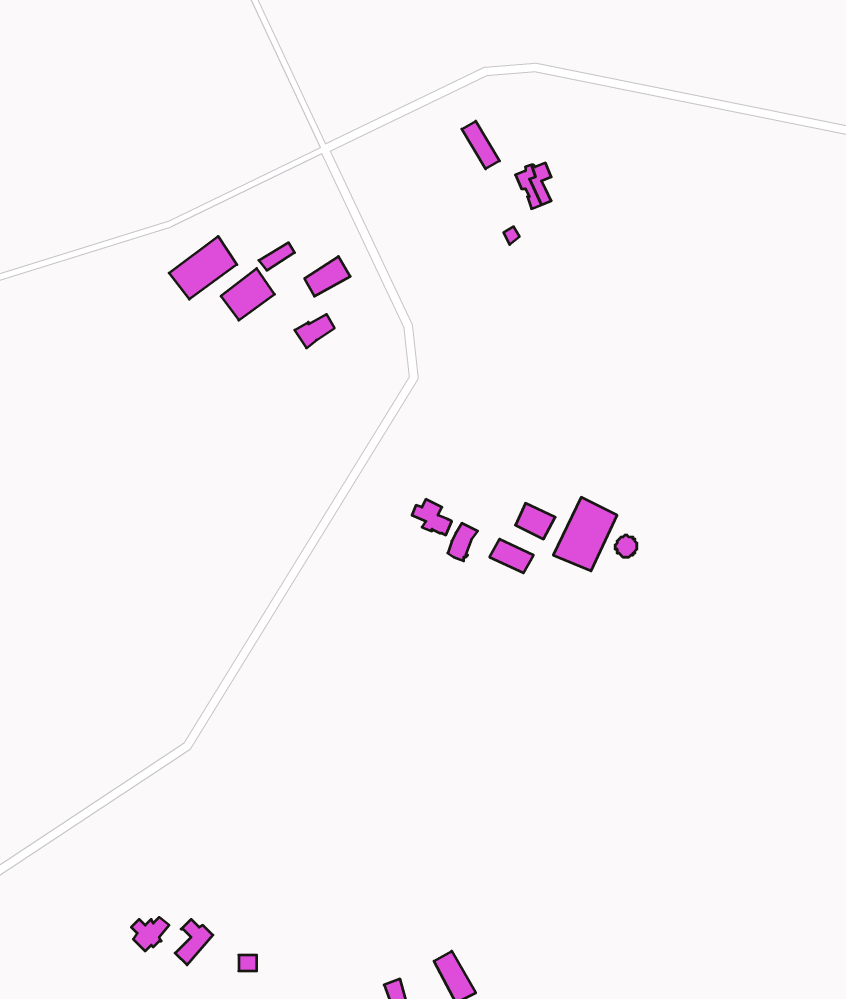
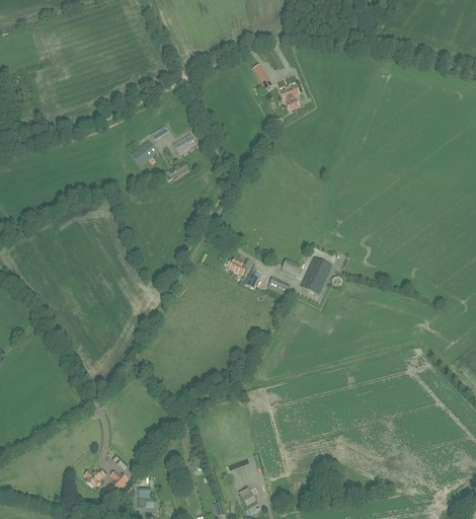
building: [169,236,237,299] -> none

